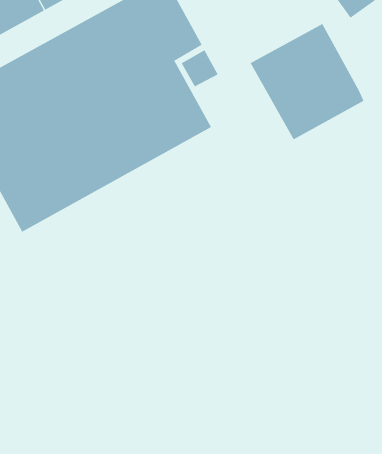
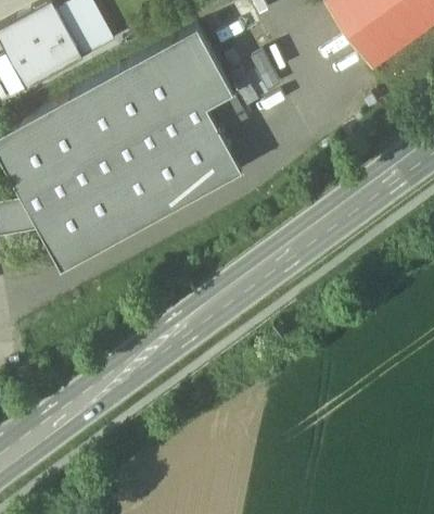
building: [250,23,364,140] -> none

